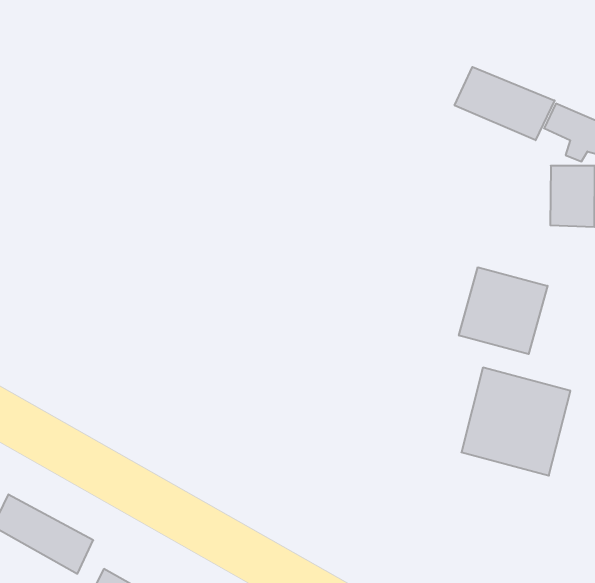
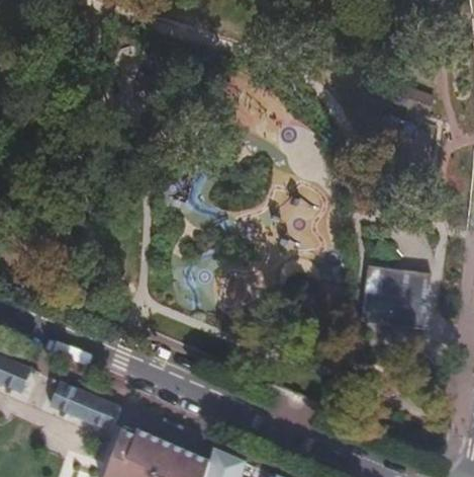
building: [455,67,555,140] -> none
building: [459,267,548,354] -> none

